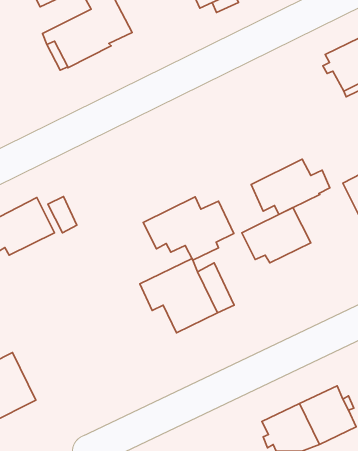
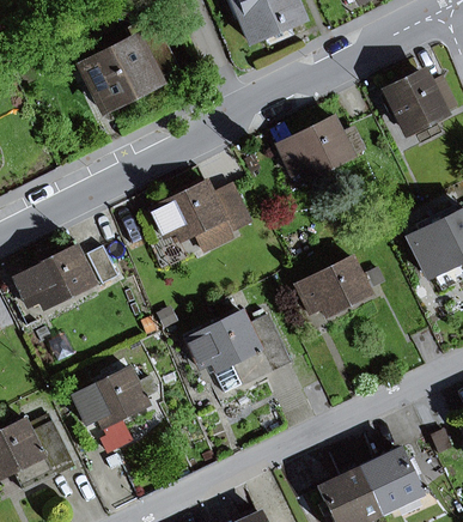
building: [251,159,330,214] -> [279,117,364,177]
building: [143,197,234,260] -> [151,181,249,249]
building: none -> [73,368,158,426]

